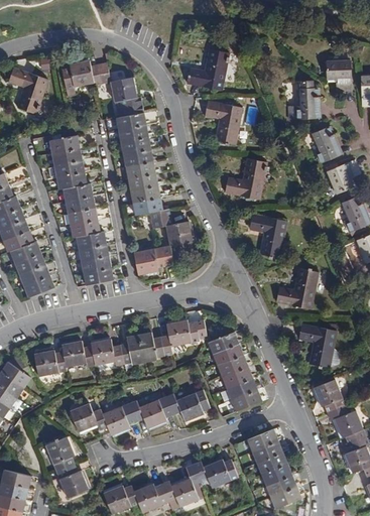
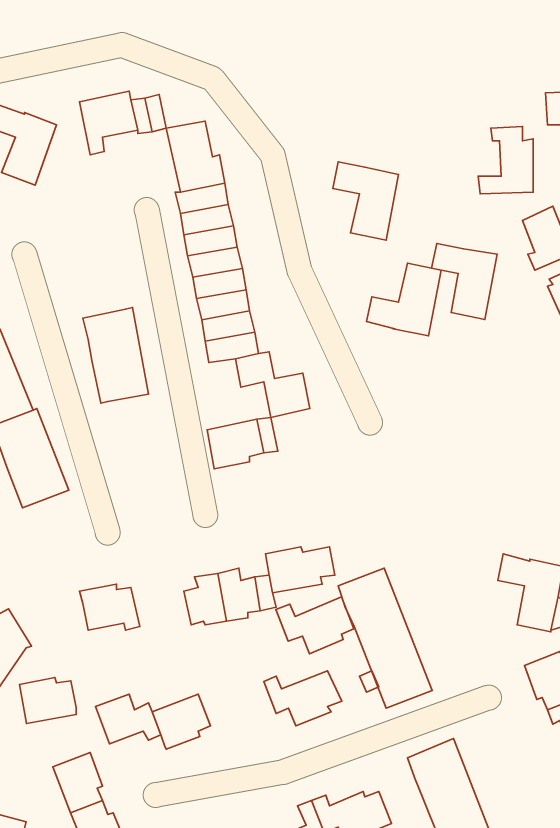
building: [187,49,229,90] -> none
building: [49,135,87,189] -> none
building: [249,215,286,258] -> [432,243,497,320]
building: [77,232,114,286] -> none
building: [275,268,318,309] -> none
building: [90,339,124,365] -> none
building: [33,350,66,376] -> [19,677,76,723]
building: [128,396,172,428] -> [276,597,354,654]

